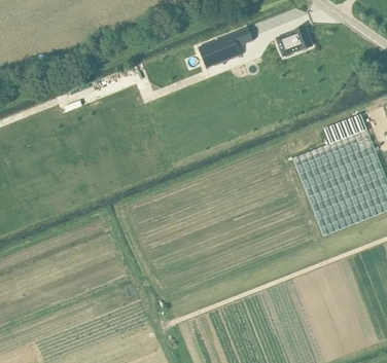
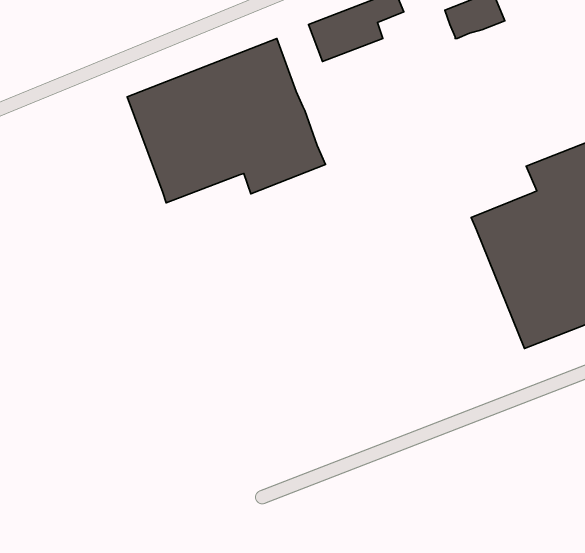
building: none -> [127,38,326,203]

